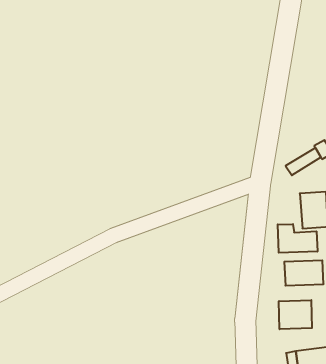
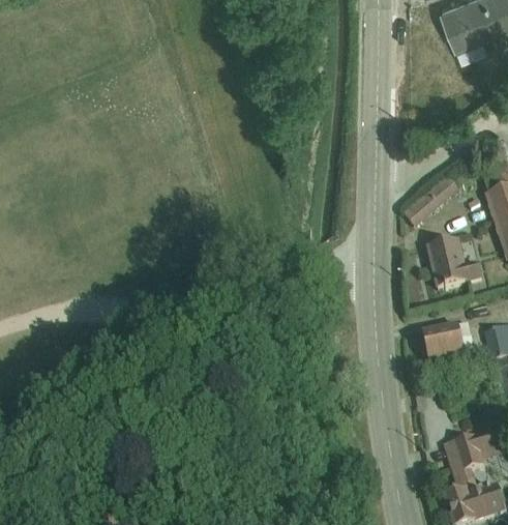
building: [278,224,317,253] -> none
building: [279,300,312,329] -> none

